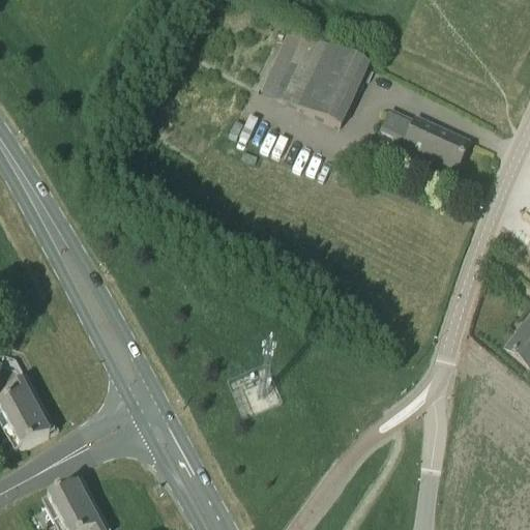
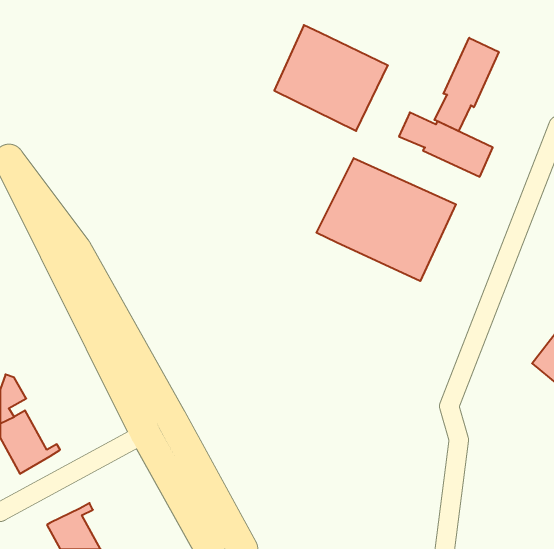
building: none -> [434,38,499,131]
building: none -> [316,158,456,281]

